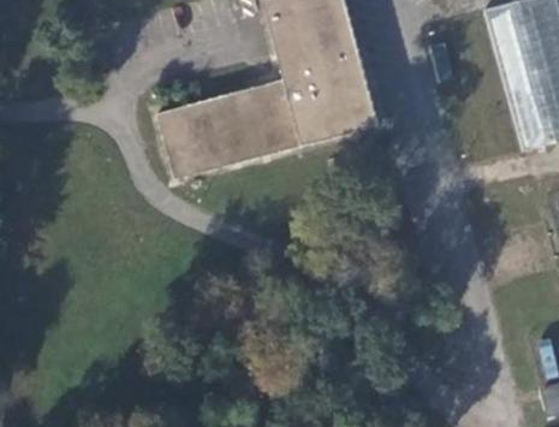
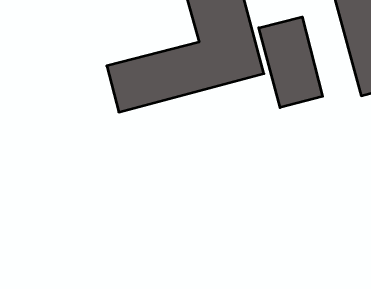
building: none -> [259,17,323,108]

